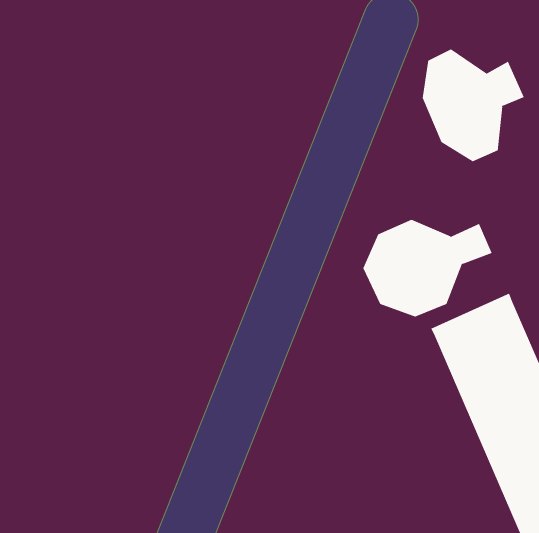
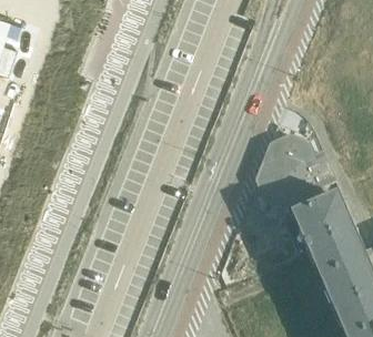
building: [422,48,525,162] -> none

